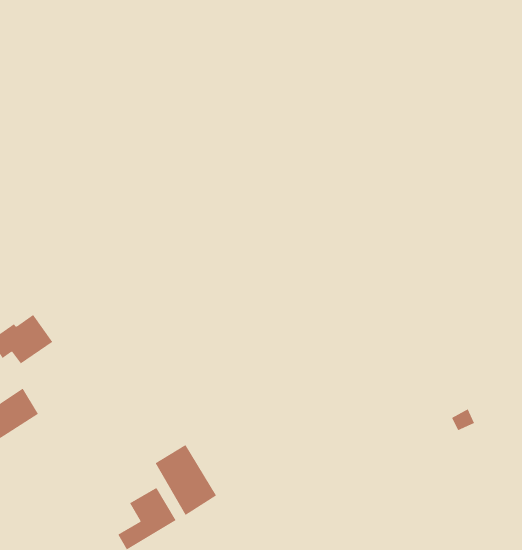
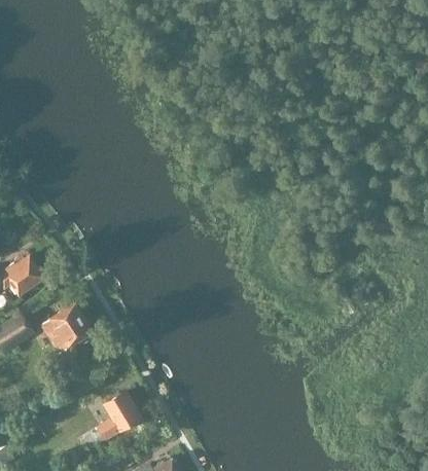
building: none -> [40,303,93,354]
building: [155,444,217,516] -> none

